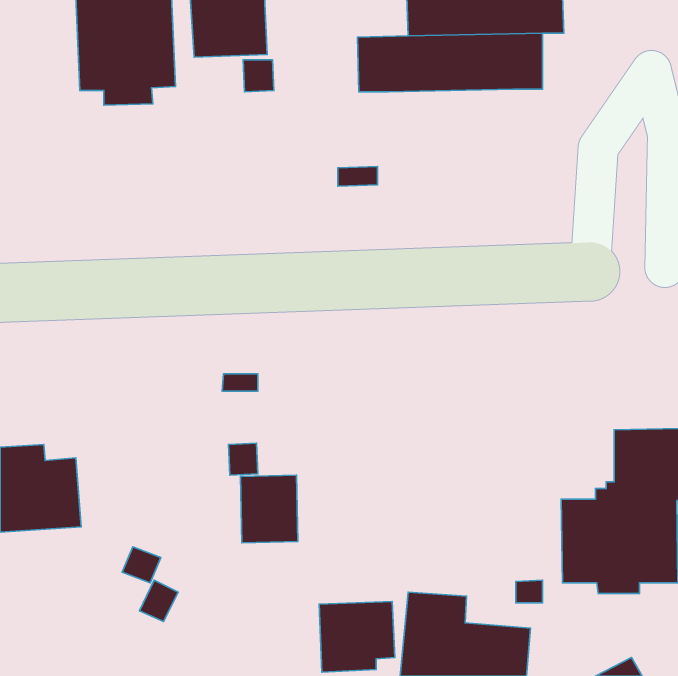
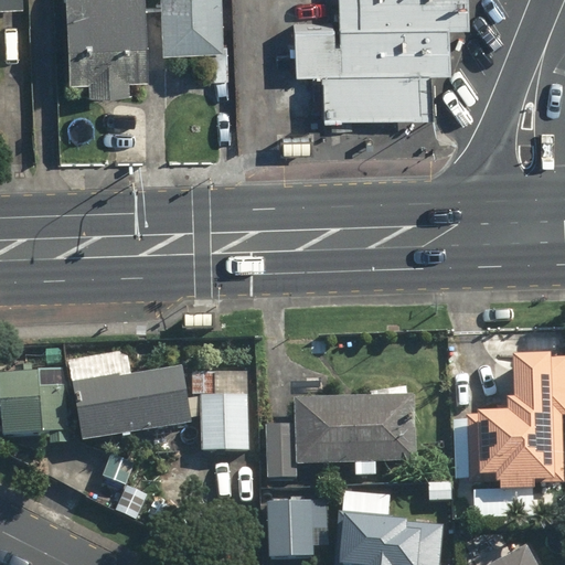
building: none -> [323,74,428,121]
building: none -> [72,365,190,440]
building: none -> [266,386,415,478]

